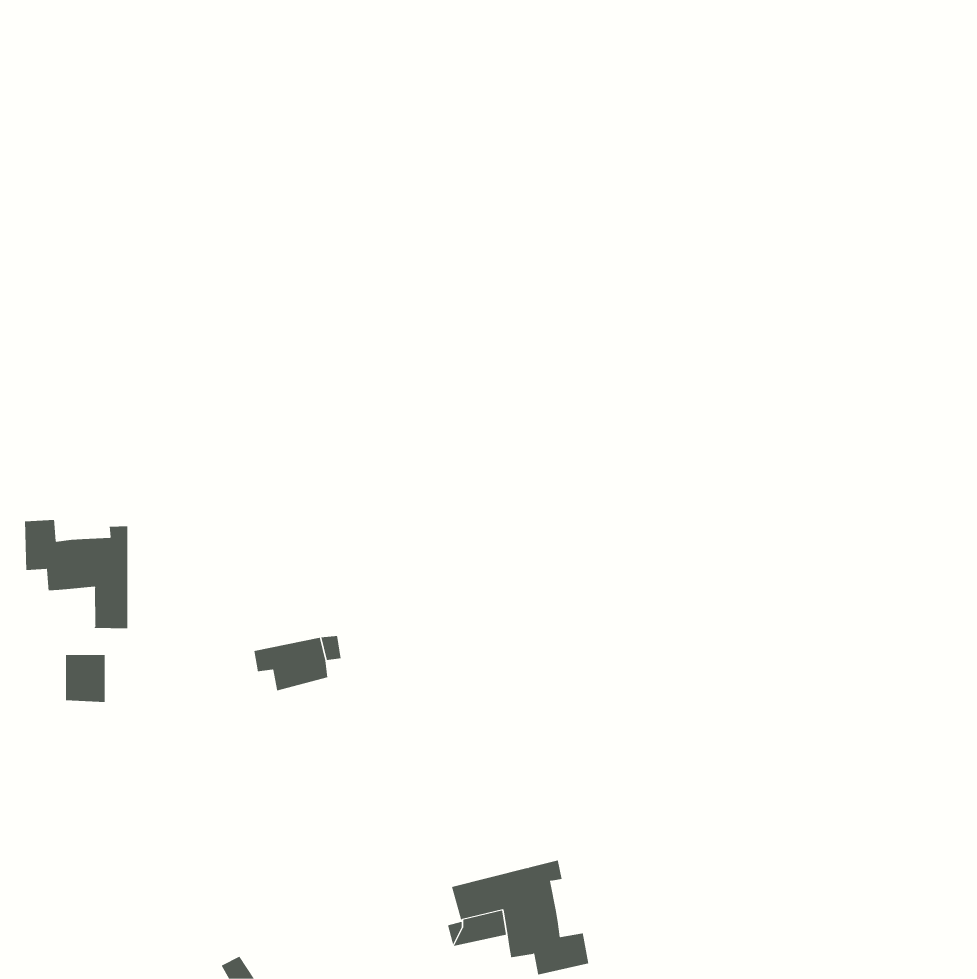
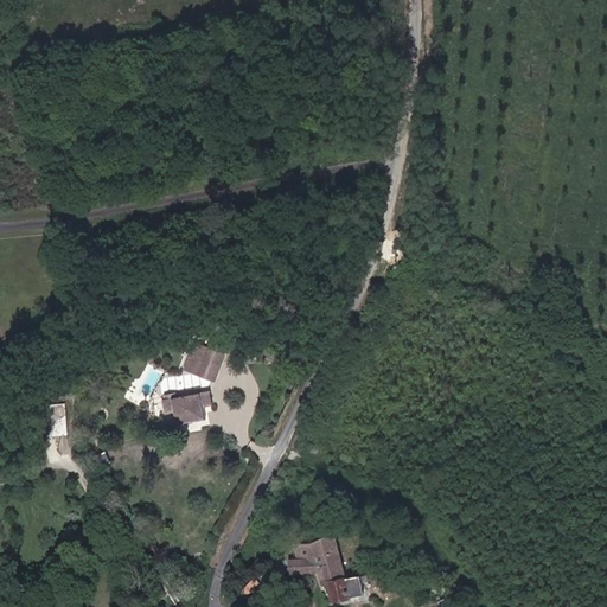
building: [25,519,128,629] -> none
building: none -> [183,341,225,381]

